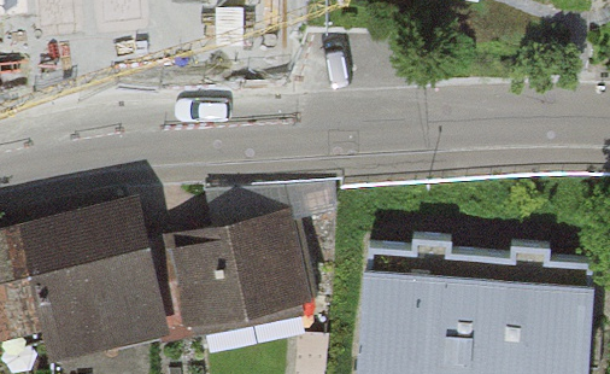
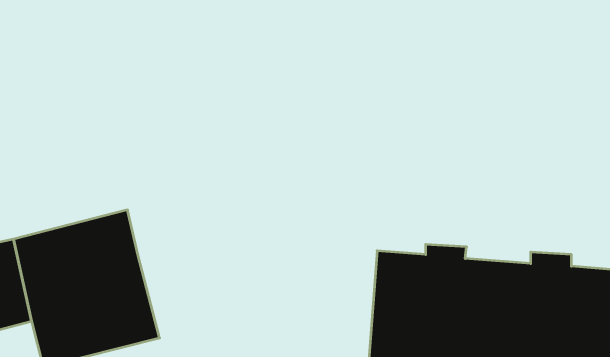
building: [143,221,303,329] -> none

